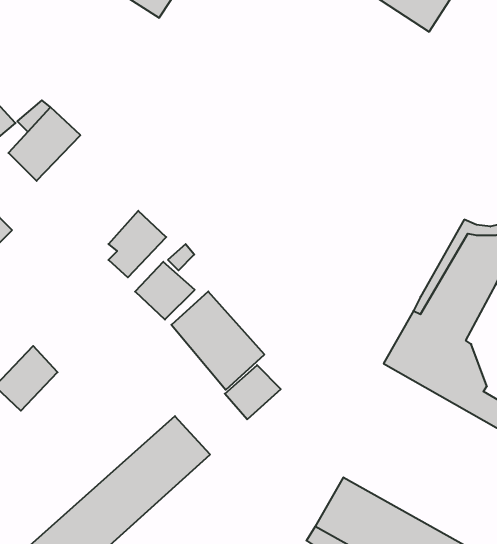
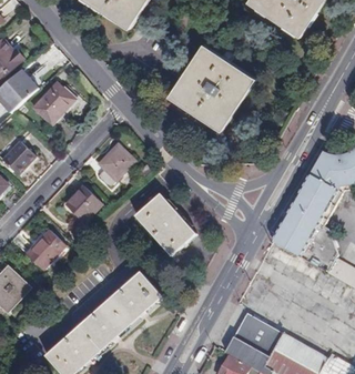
building: none -> [174,48,250,124]
building: [135,262,195,320] -> [64,185,102,222]
building: [225,365,281,419] -> none

